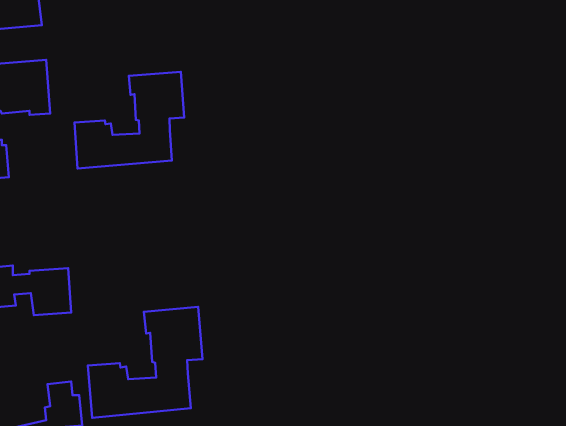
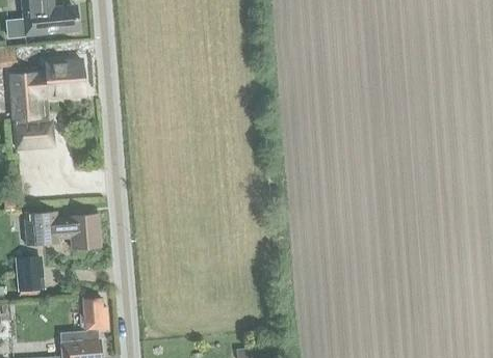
building: [74,72,184,168] -> none
building: [88,307,203,418] -> none

